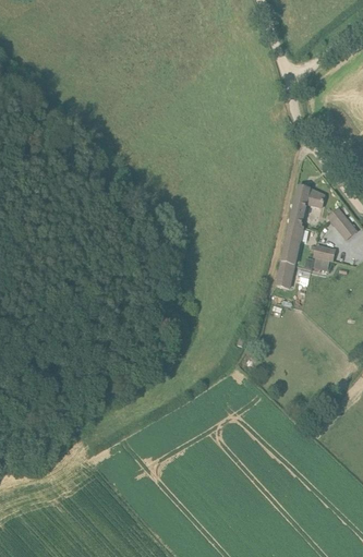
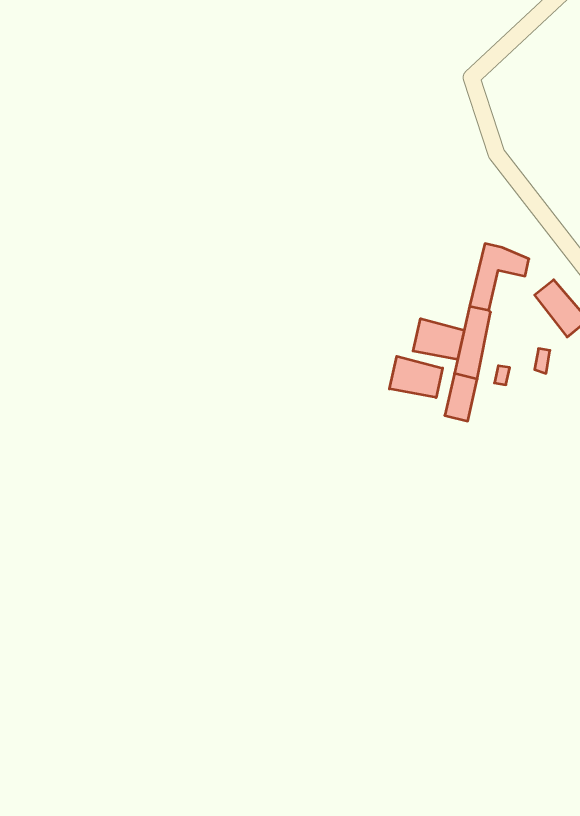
building: none -> [413,319,464,359]
building: none -> [389,356,443,398]

